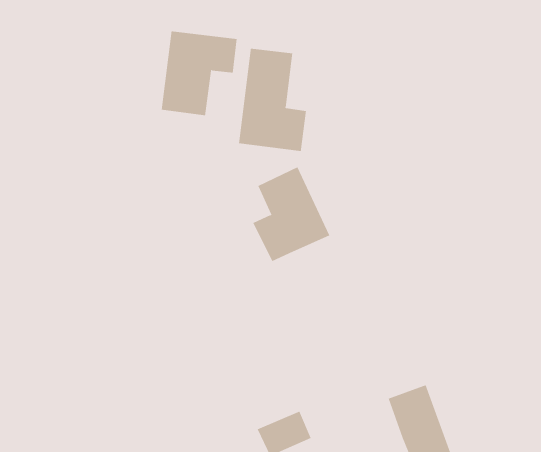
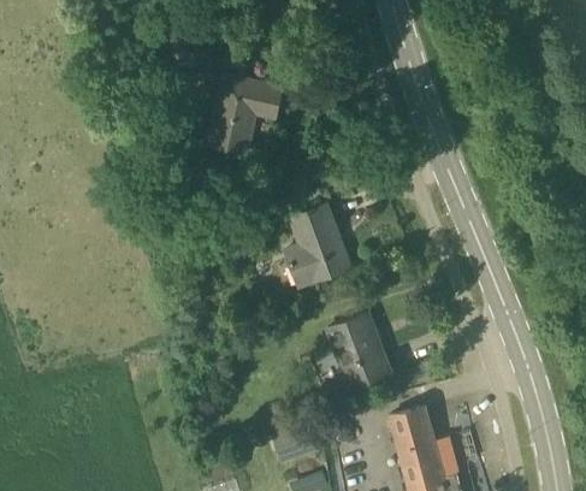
building: [238,48,306,152] -> none
building: none -> [328,314,391,388]

